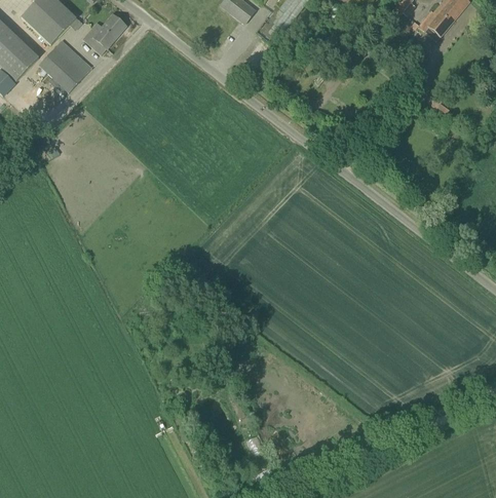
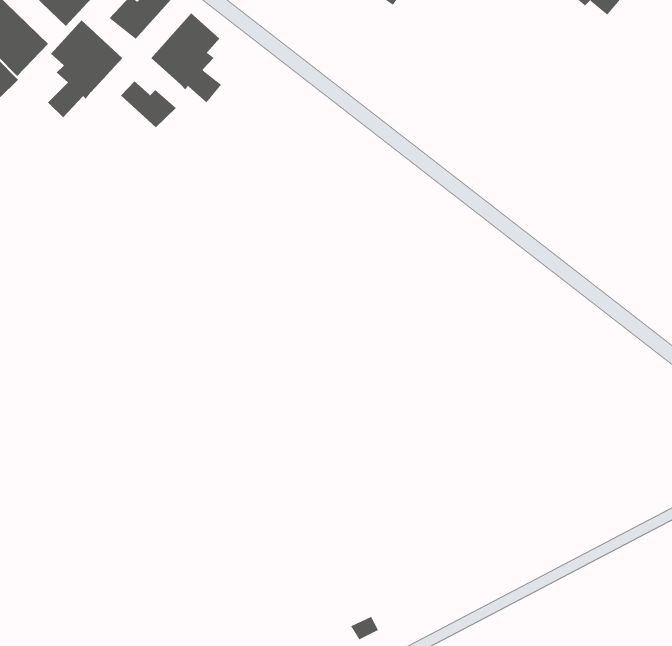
building: none -> [151,12,222,103]
building: none -> [120,81,177,128]

